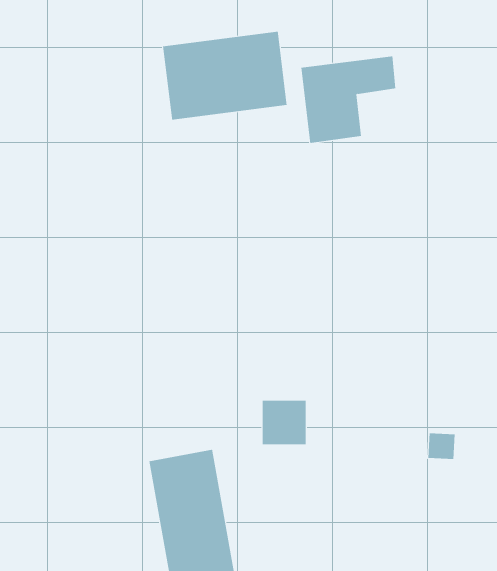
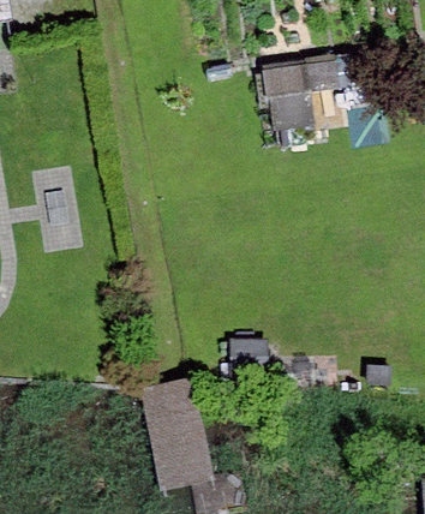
building: [163,31,287,120] -> none

